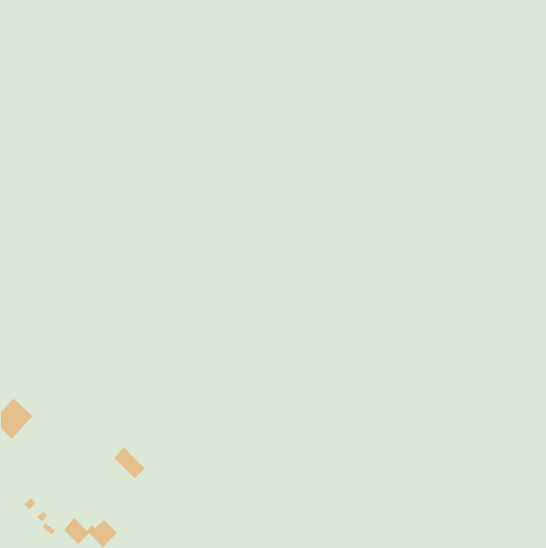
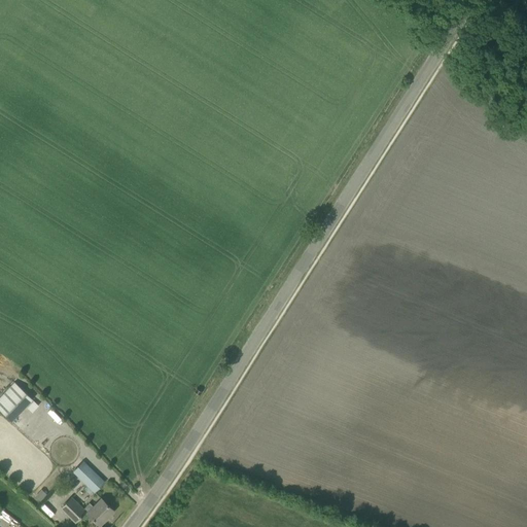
building: [113,447,146,479] -> [74,461,105,492]

